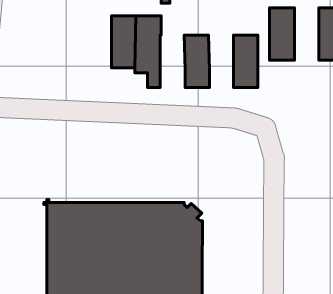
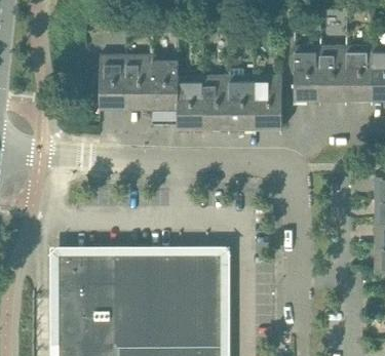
building: none -> [320,46,346,102]
building: none -> [100,54,126,110]
building: none -> [229,69,256,130]
building: none -> [178,75,204,130]

